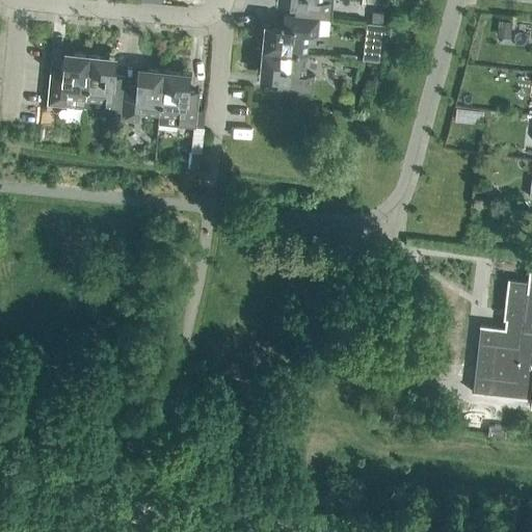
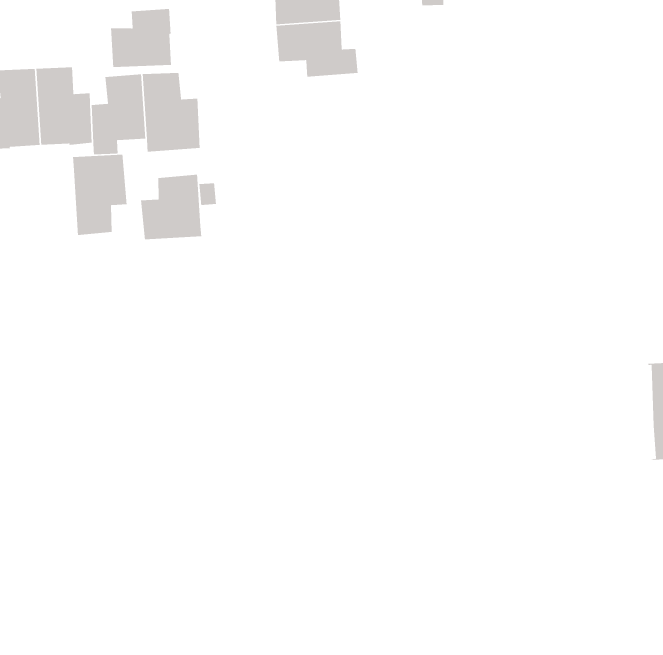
building: none -> [110,8,172,68]
building: none -> [72,154,127,236]
building: none -> [140,174,202,240]

